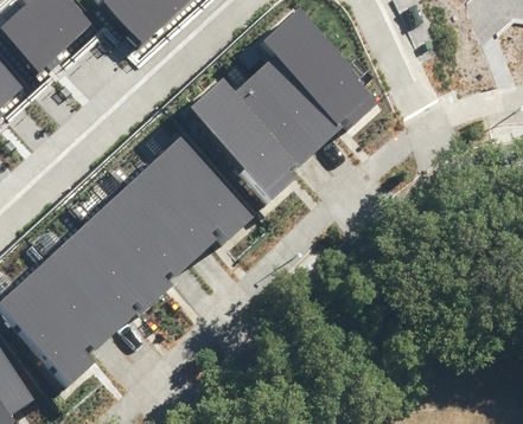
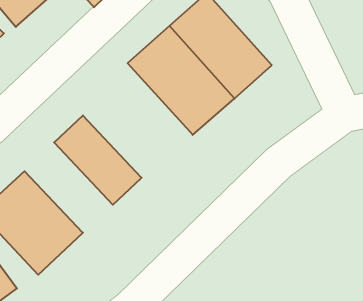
building: [127,131,251,257] -> none
building: [52,212,165,327] -> none

